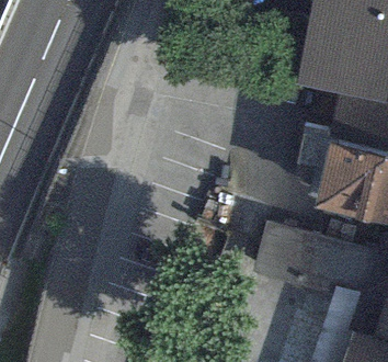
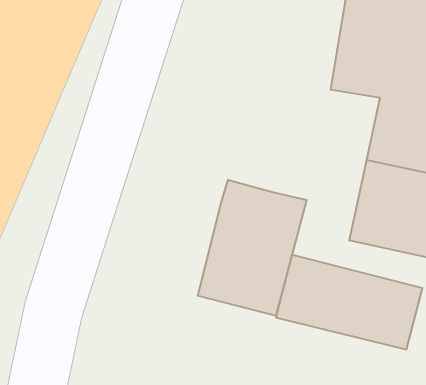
building: none -> [198,180,306,316]

